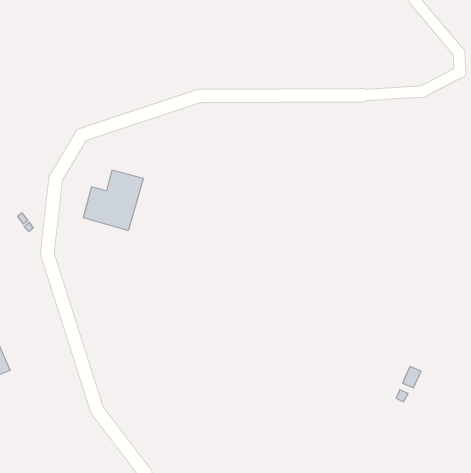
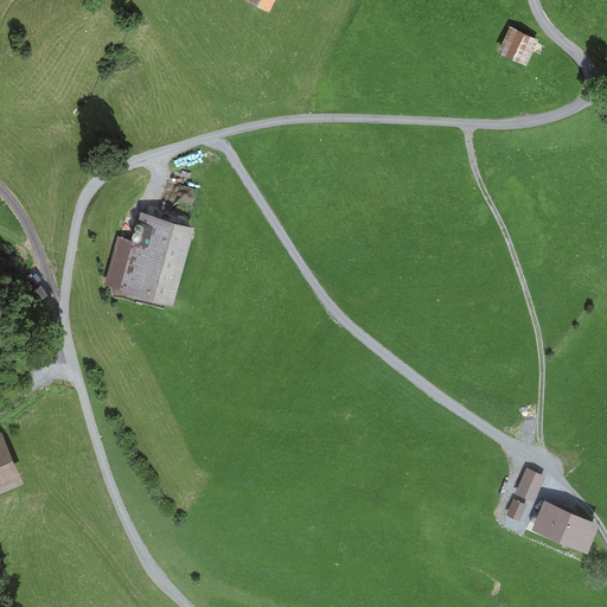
building: none -> [499,28,532,58]
building: none -> [536,503,592,543]

